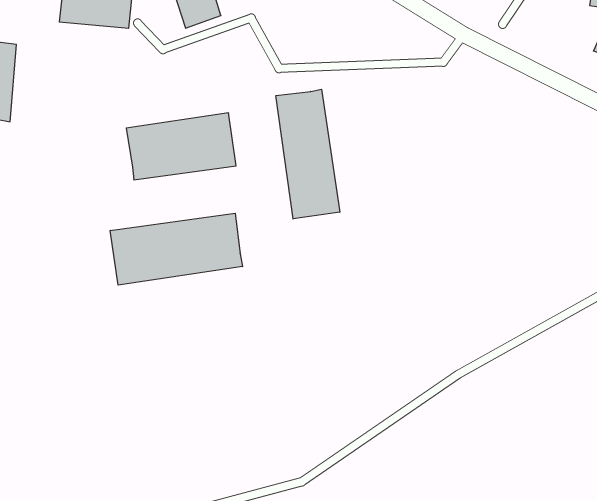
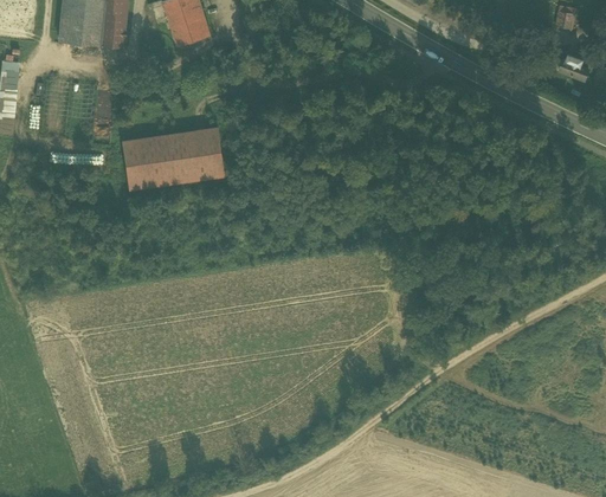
building: [276,89,340,219] -> none
building: [110,213,243,285] -> none

